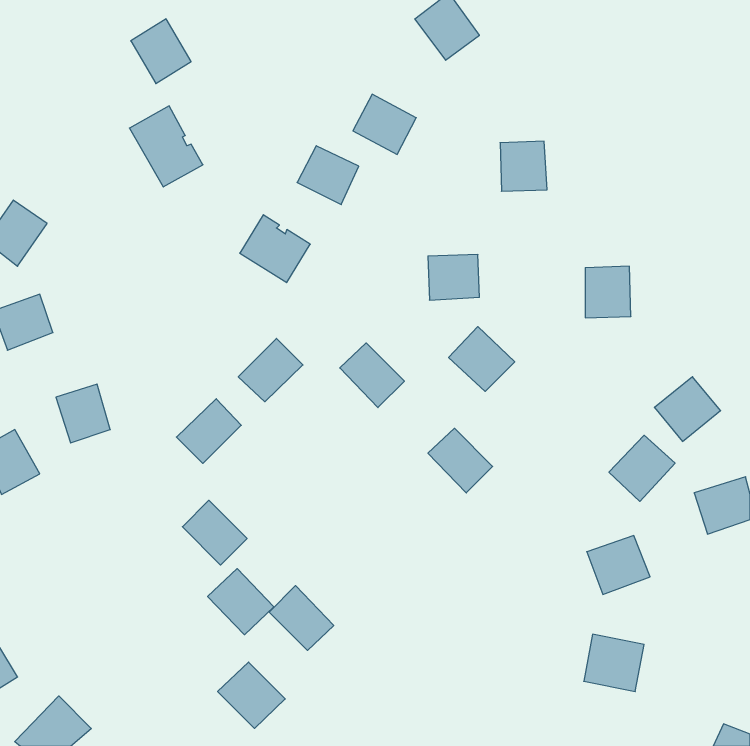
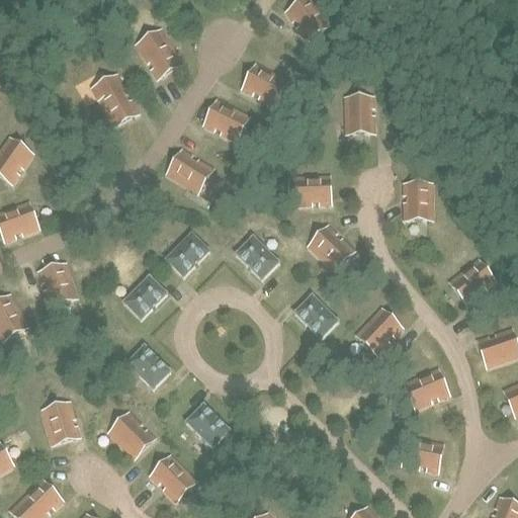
building: [131,19,191,84] -> [140,33,181,78]
building: [609,435,675,501] -> [356,309,402,354]
building: [208,569,274,635] -> [108,412,154,457]
building: none -> [41,403,79,443]

